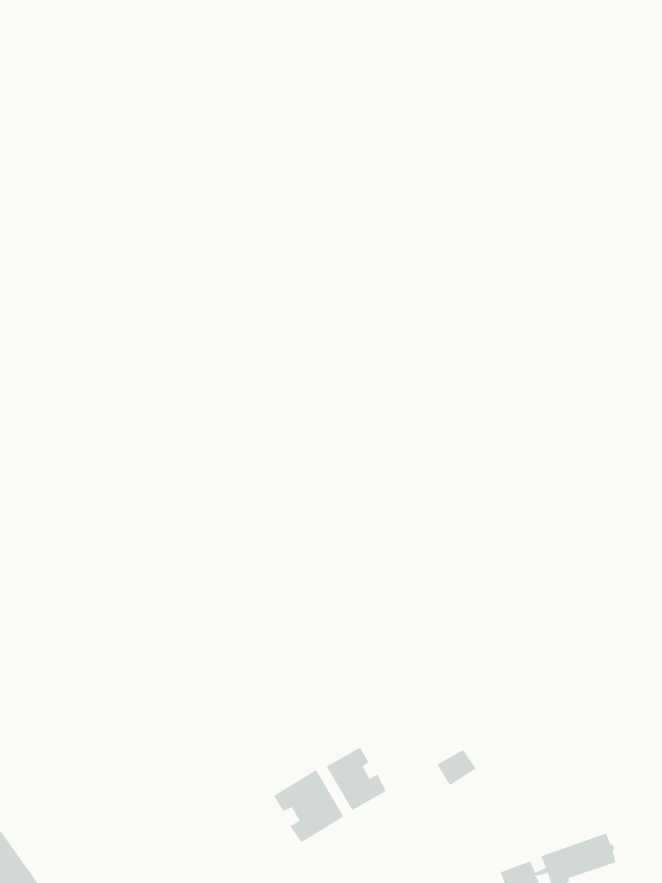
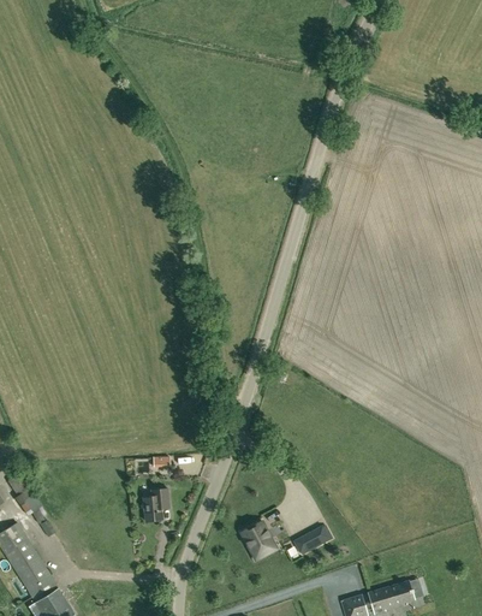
building: none -> [143,488,169,521]
building: [273,769,344,843] -> none

